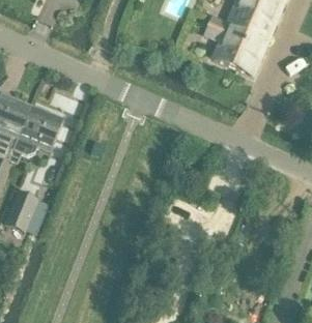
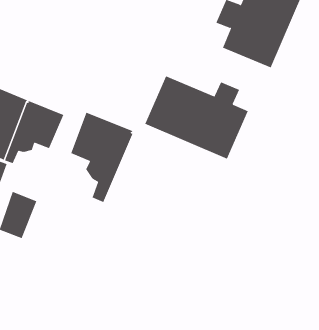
building: none -> [145,75,249,160]
building: none -> [70,112,134,203]

